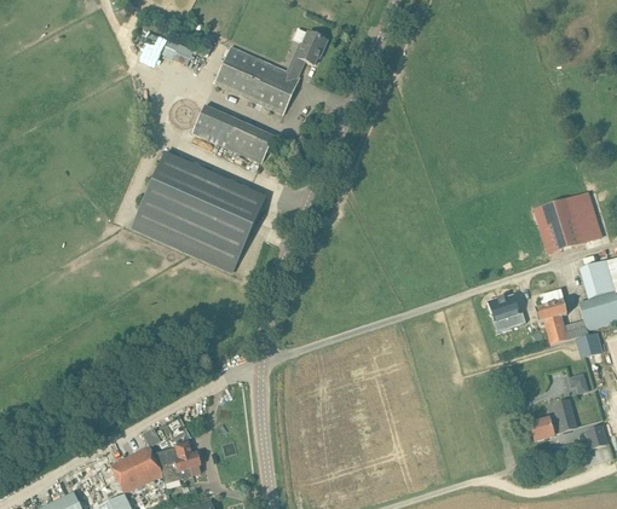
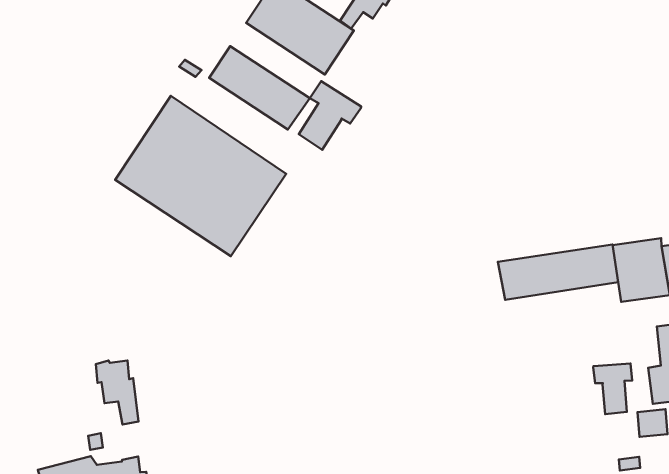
building: none -> [299,81,361,150]
building: none -> [498,245,618,300]
building: [488,296,525,331] -> none
building: none -> [96,360,139,424]

